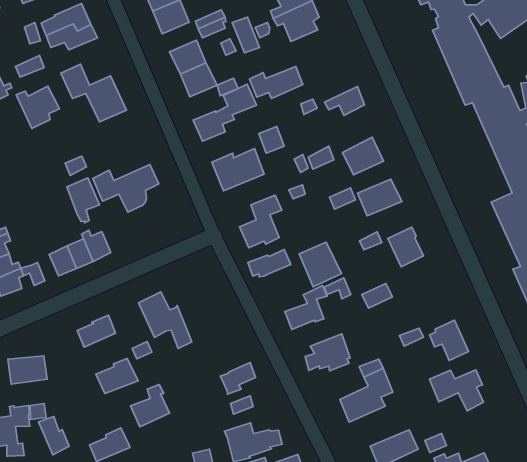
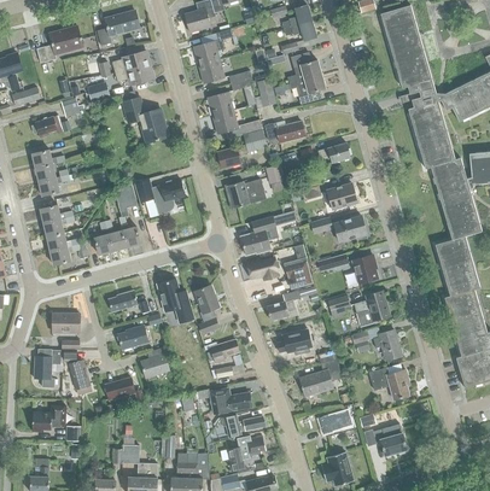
building: [16,86,59,128] -> none
building: none -> [354,291,390,326]
building: none -> [196,286,218,334]

